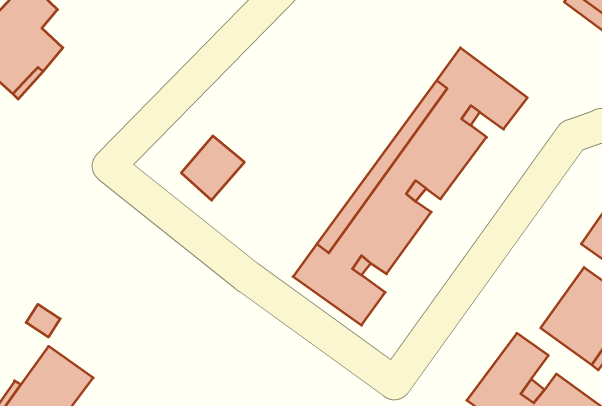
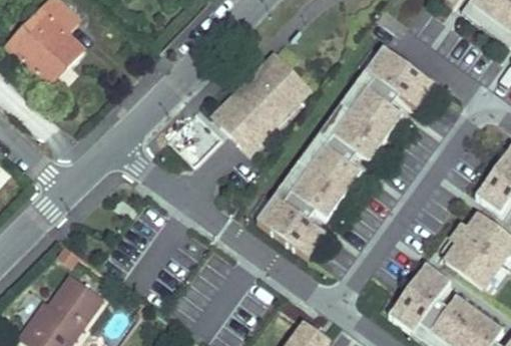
building: none -> [213,55,310,152]

